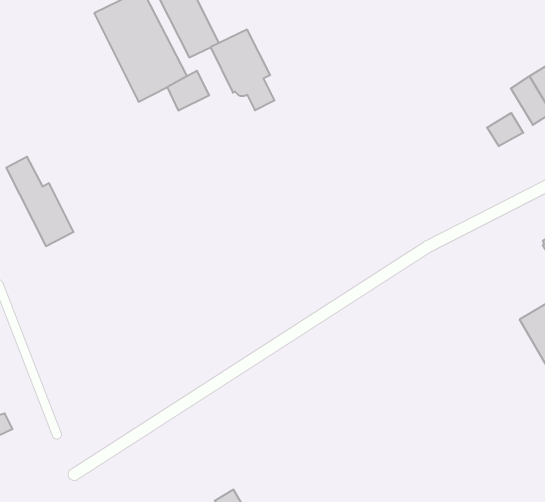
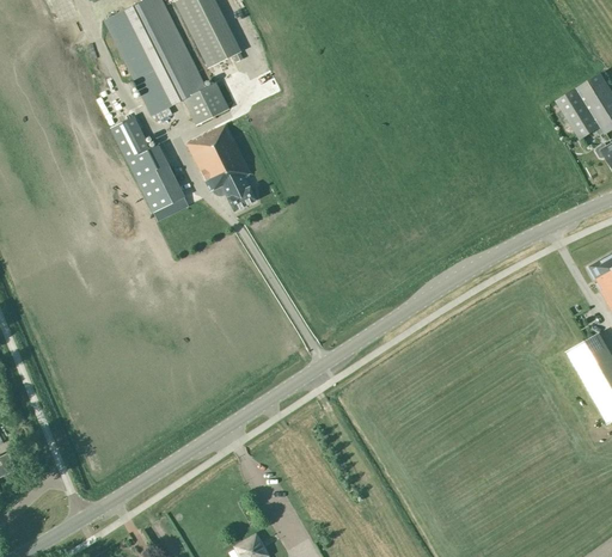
building: [211,30,275,110] -> [188,124,257,212]
building: [487,113,523,146] -> none
building: [6,157,74,246] -> [112,116,185,213]

